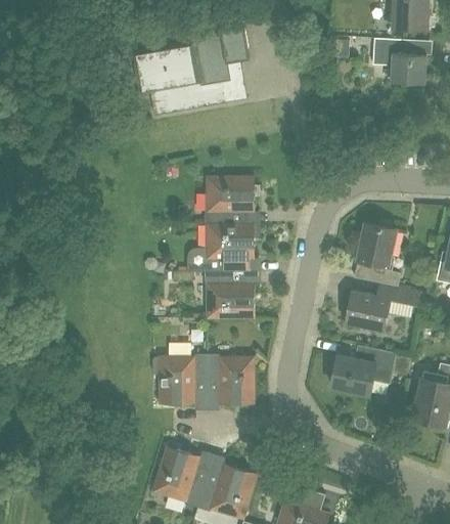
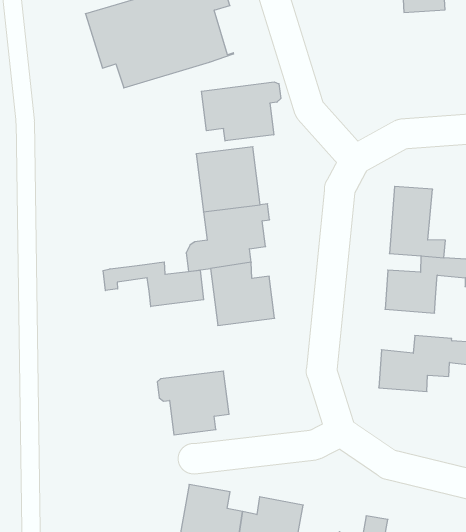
building: none -> [201,82,281,141]
building: none -> [103,262,204,307]
building: [207,356,254,403] -> none

